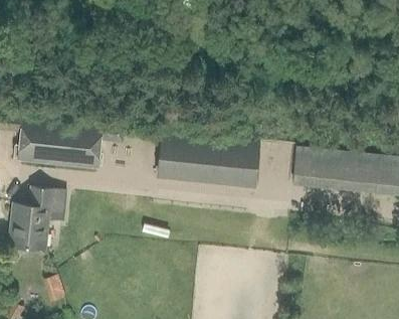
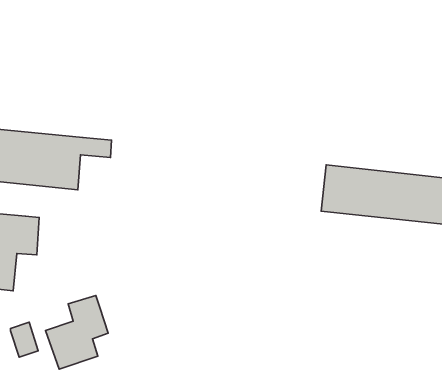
building: [159,137,258,186] -> none
building: none -> [46,296,108,369]

